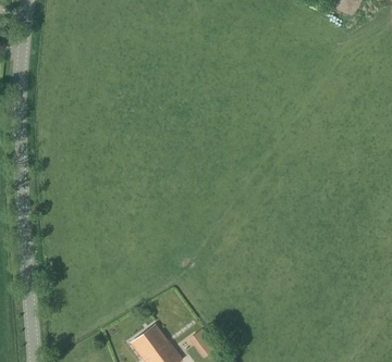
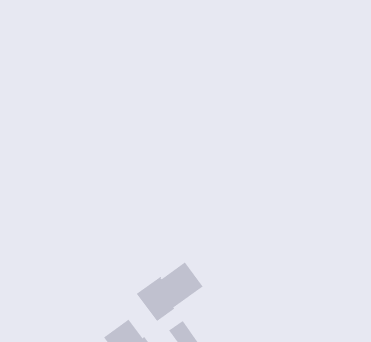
building: none -> [136,261,203,322]

